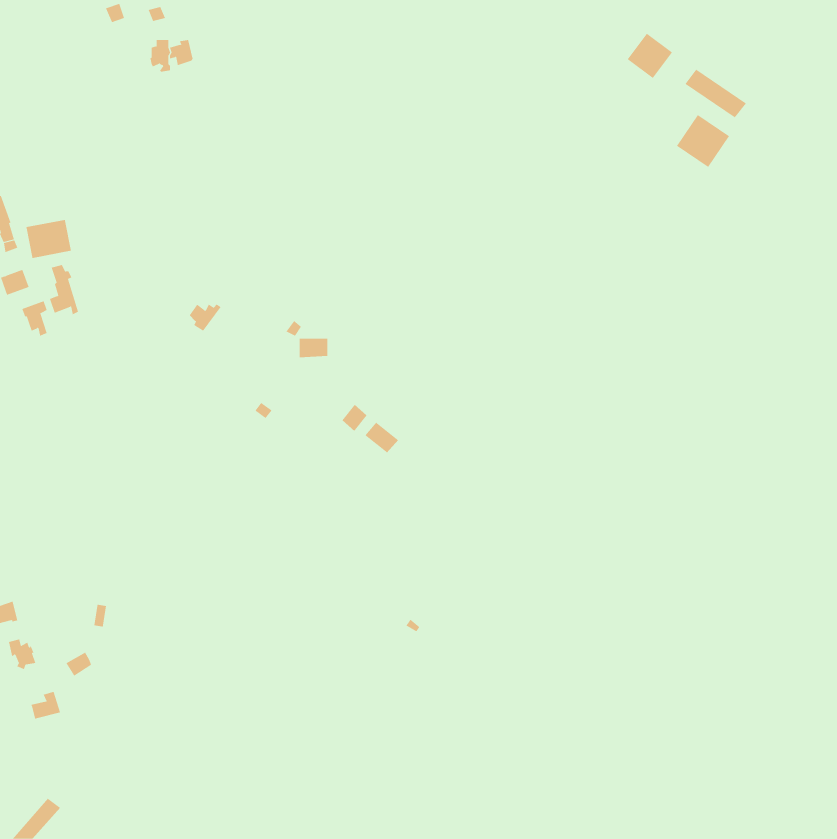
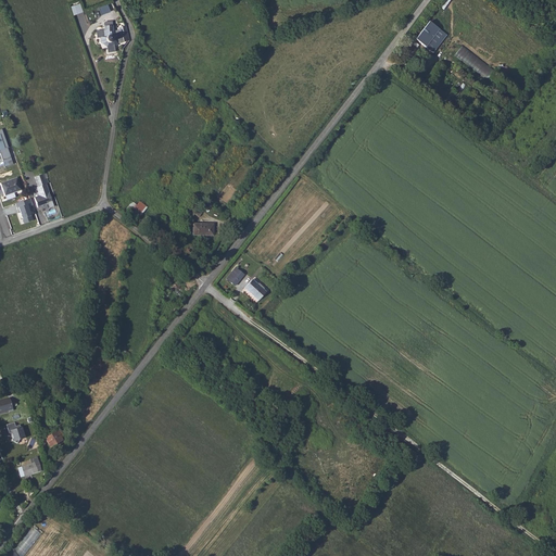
building: [676,114,730,168] -> none
building: [26,219,71,259] -> none

